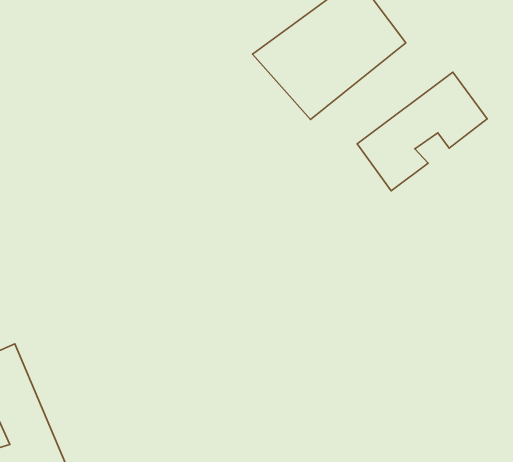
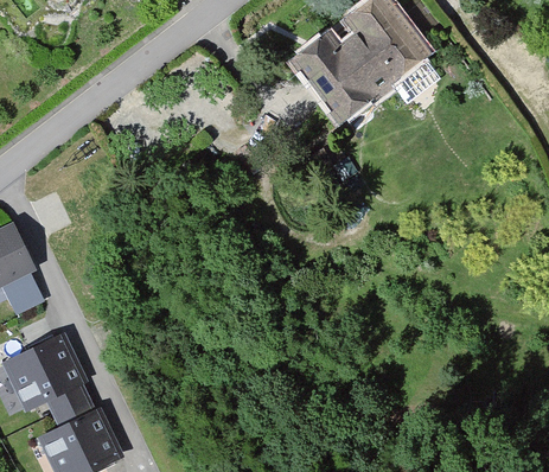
building: [357,72,487,191] -> none

